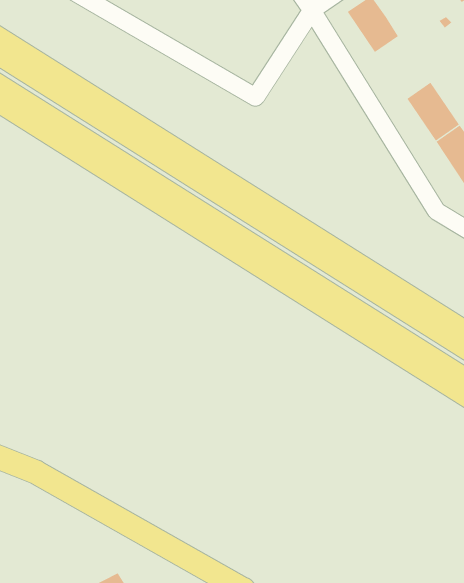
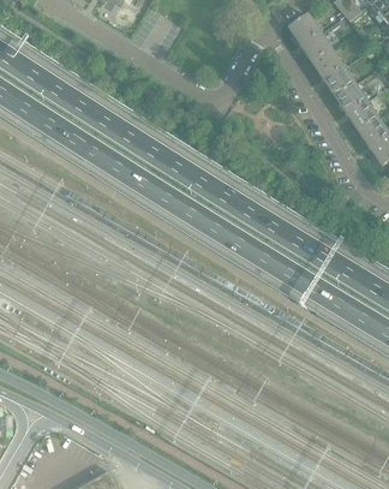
building: none -> [310,42,354,96]

